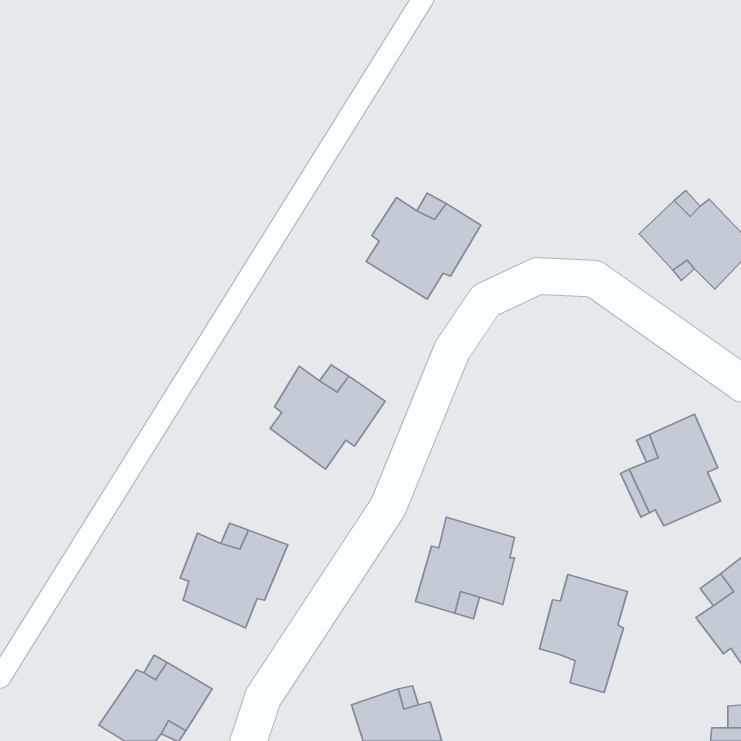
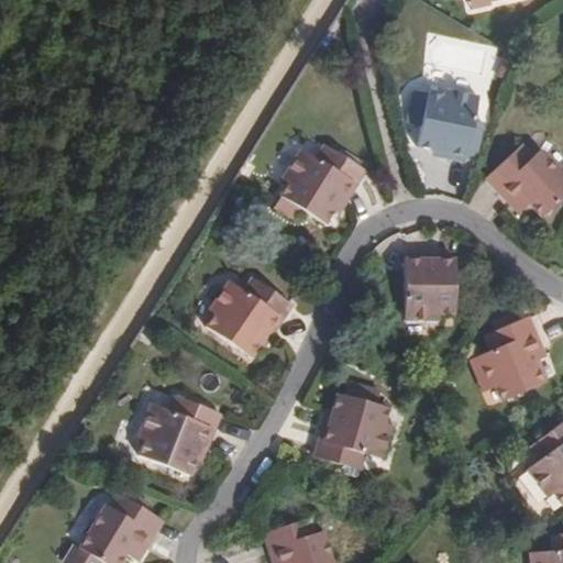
building: none -> [412,89,481,163]
building: none -> [405,250,457,317]
building: [539,574,627,692] -> none

